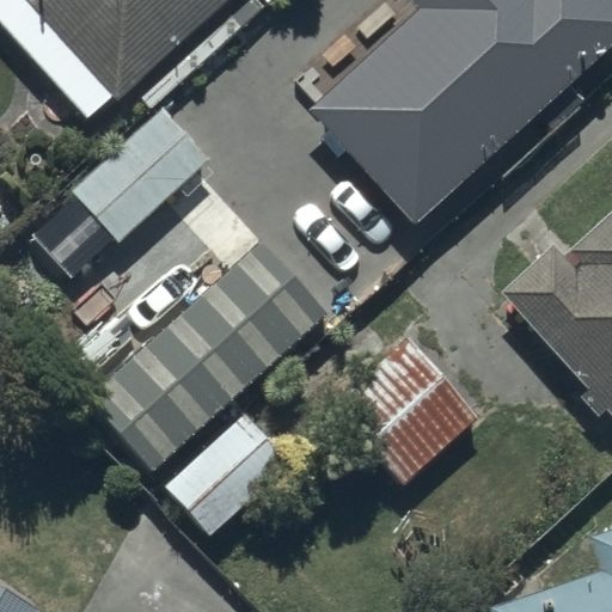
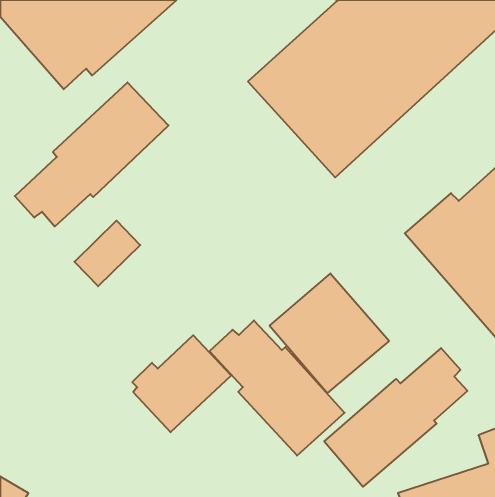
building: [86,233,333,470] -> none
building: none -> [210,320,345,456]
building: none -> [324,348,467,487]

